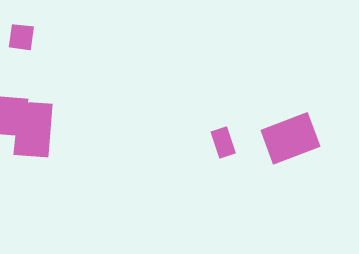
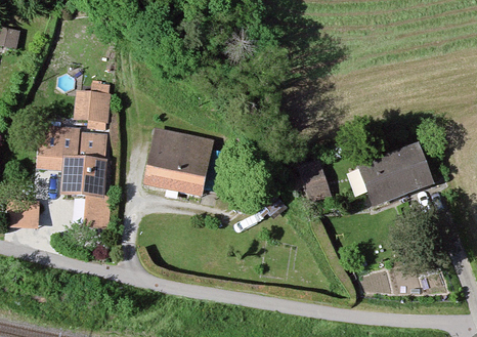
building: [8,24,35,51] -> [80,89,113,122]
building: none -> [142,126,217,202]

